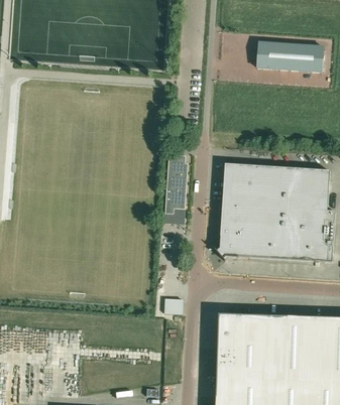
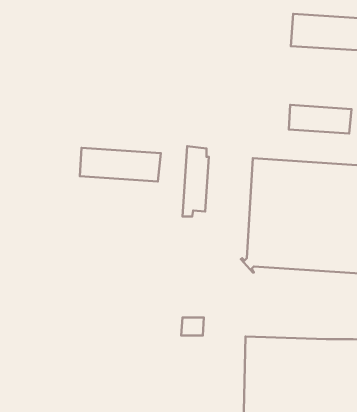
building: none -> [289,105,352,134]
building: none -> [80,148,161,181]

